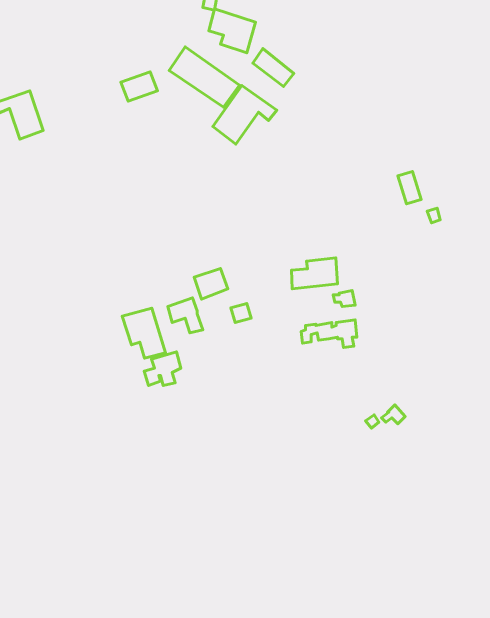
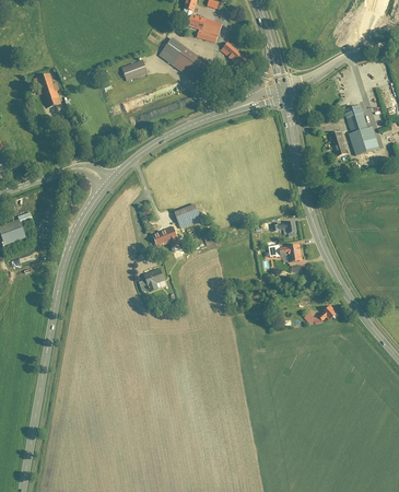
building: [213,86,277,144] -> none
building: none -> [343,105,376,154]
building: [291,258,338,289] -> none
building: [122,308,165,358] -> none

